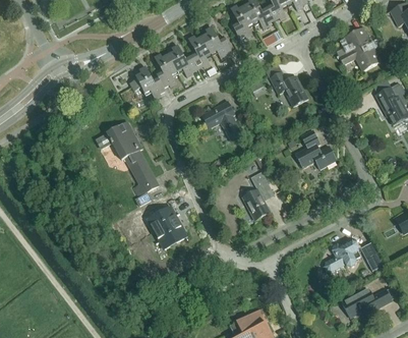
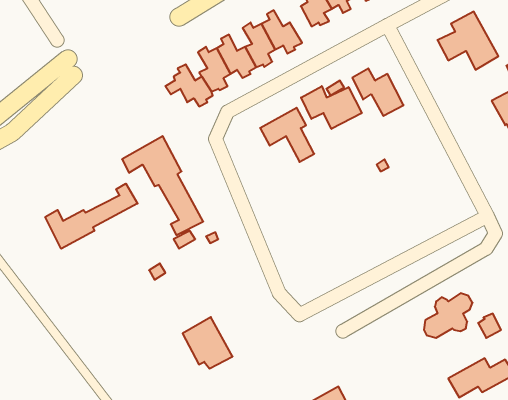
building: none -> [301,86,362,129]
building: [294,127,336,167] -> none
building: none -> [45,184,138,249]
building: [241,168,274,218] -> none
building: [148,204,185,242] -> [183,317,233,369]

